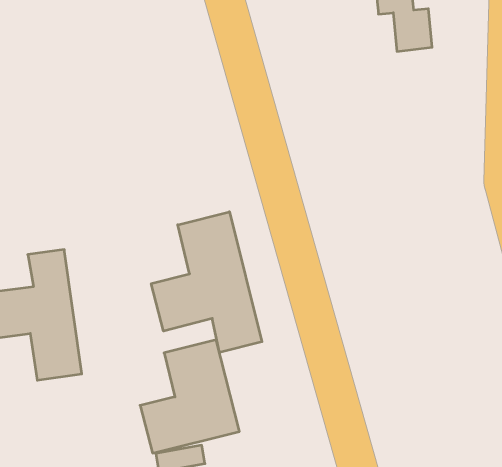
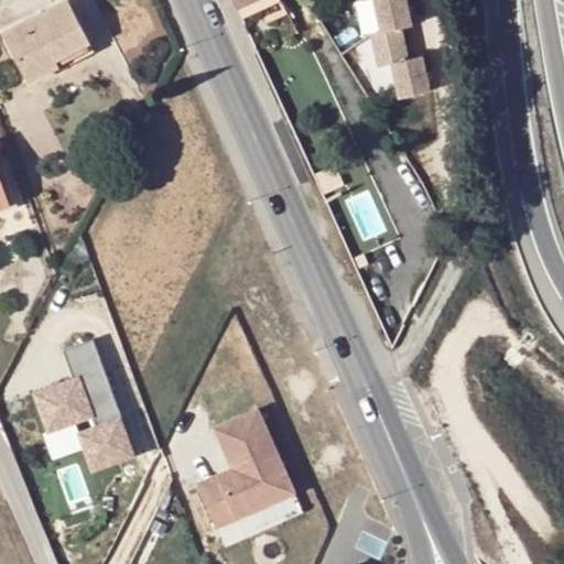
building: [151,212,262,352] -> none

